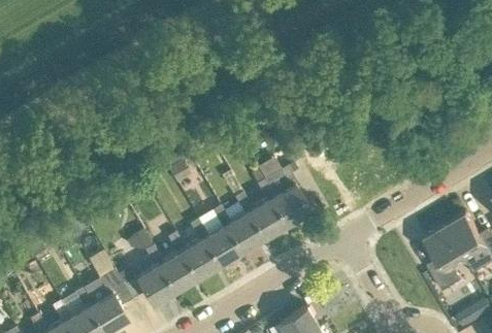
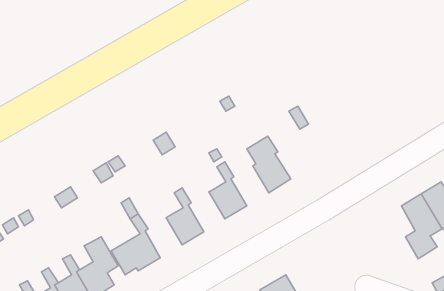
building: [249,179,288,238] -> none
building: [204,206,242,265] -> none
building: [160,233,198,292] -> none

